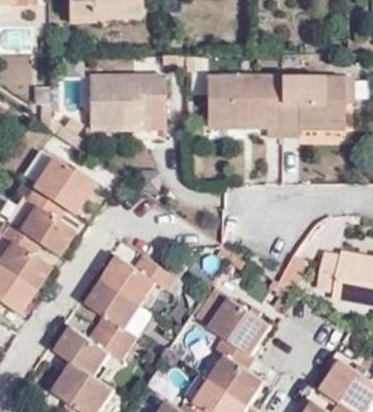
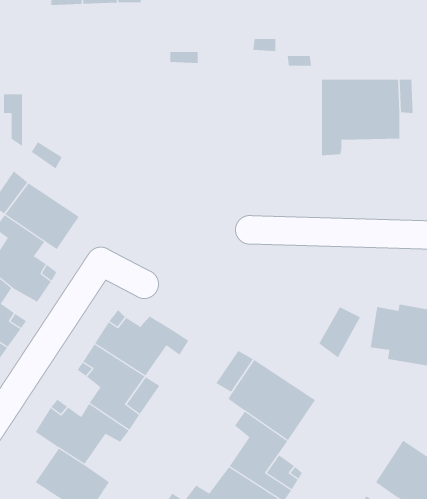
building: [206,76,281,136] -> none
building: [89,78,164,128] -> none

